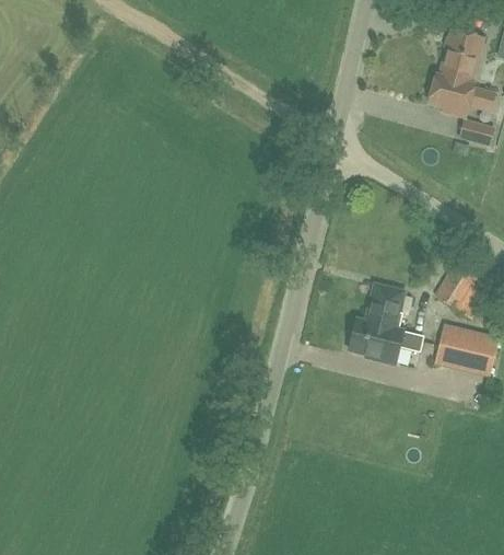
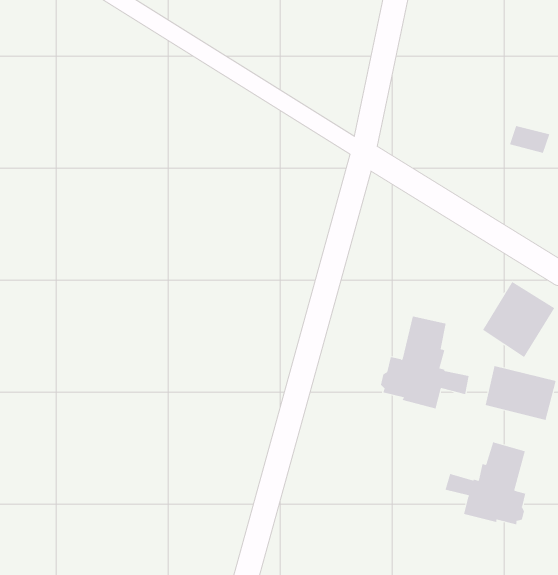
building: [426,30,494,116] -> none
building: none -> [445,442,526,525]

